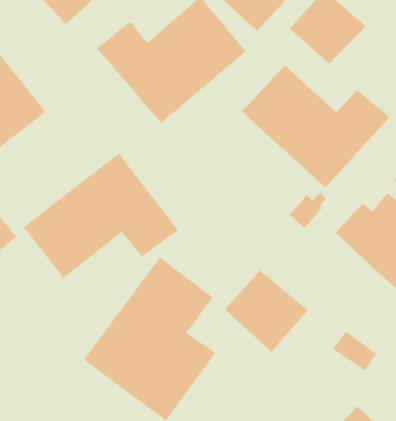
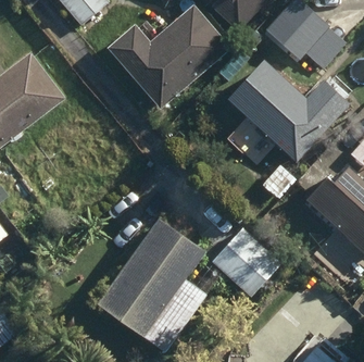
building: [23,153,179,279] -> none

